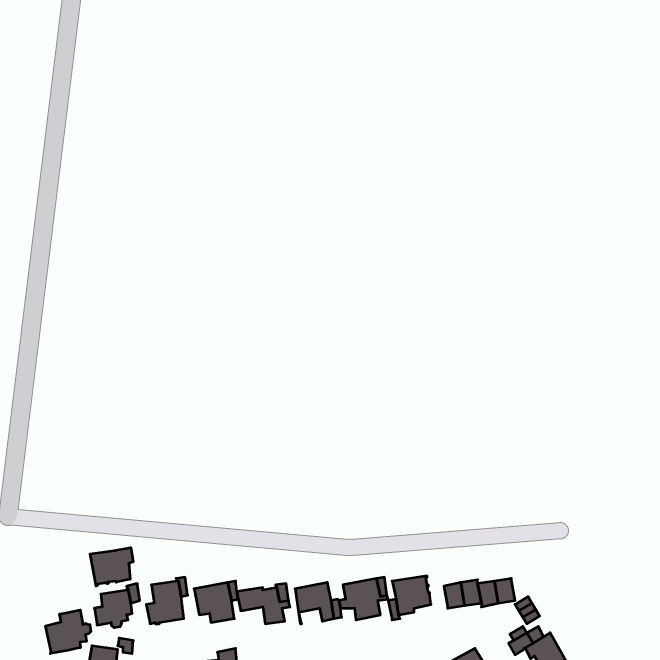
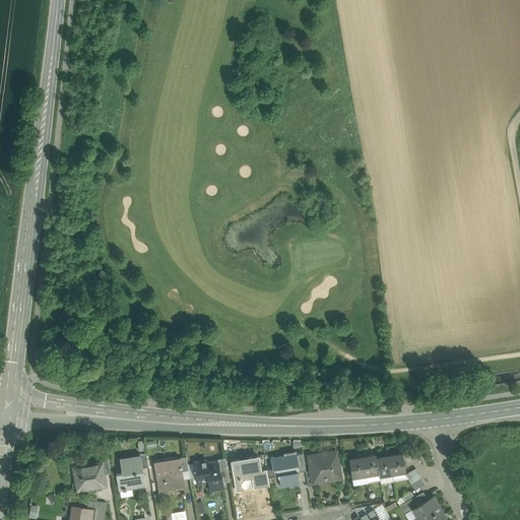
building: [90,548,133,586] -> none
building: [46,610,91,654] -> none

